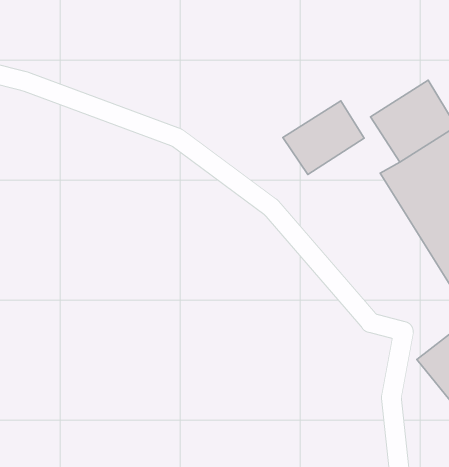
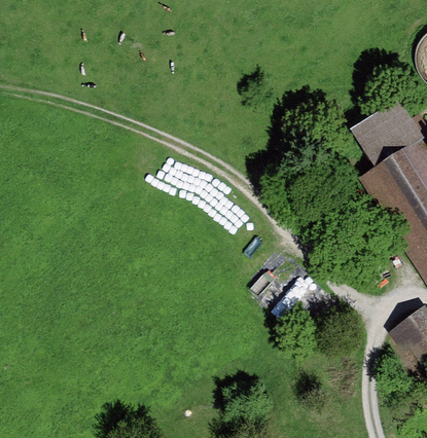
building: [283,101,364,174] -> none

